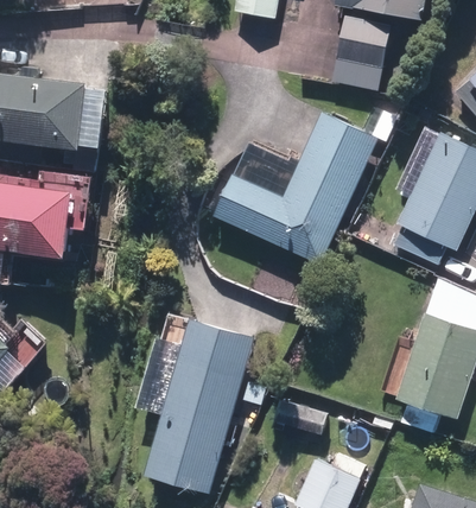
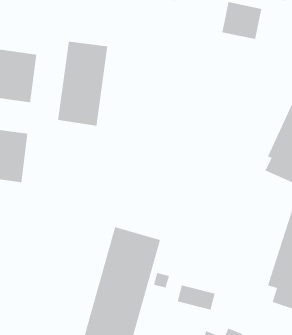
building: none -> [58,41,108,127]
building: [215,114,376,265] -> none

